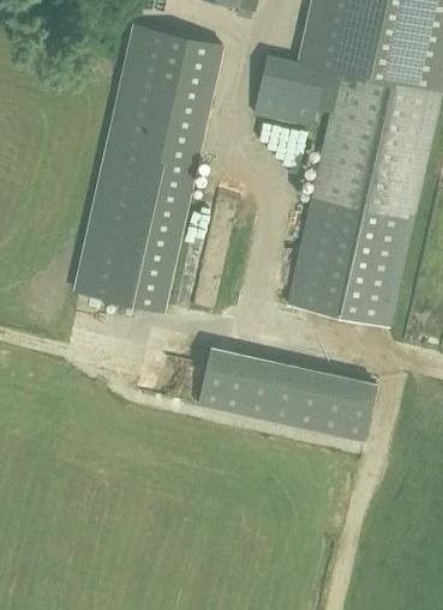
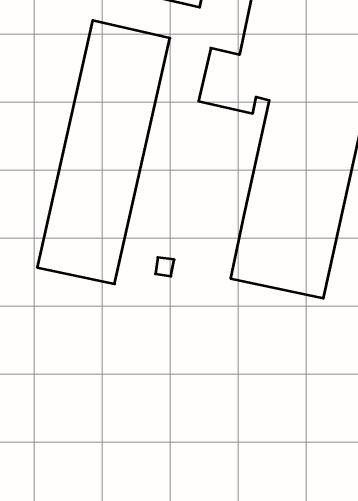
building: [202,352,378,434] -> none

